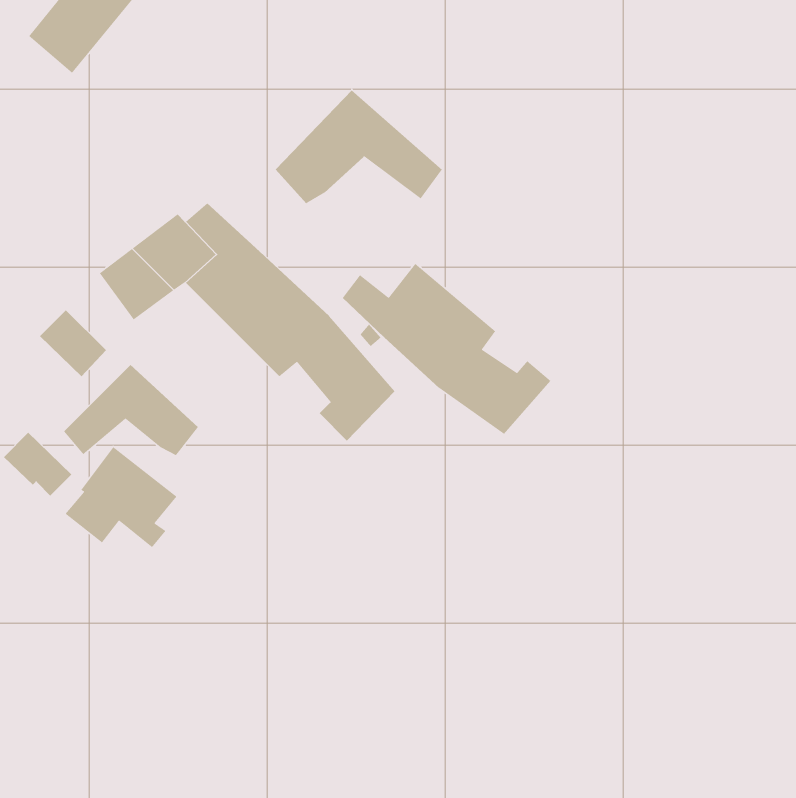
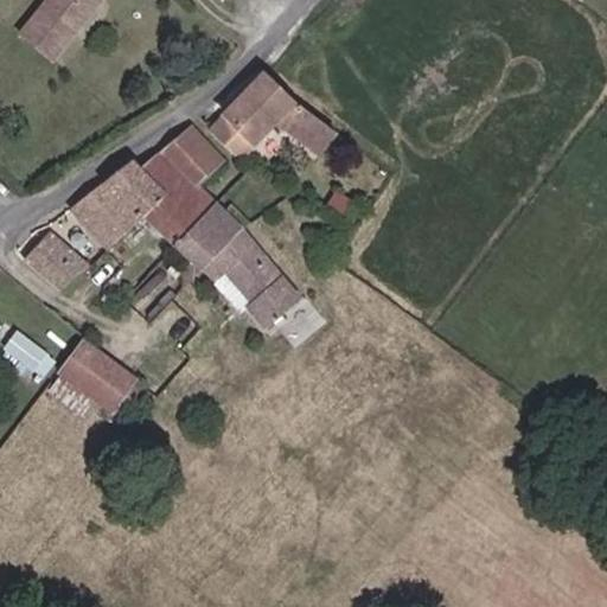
building: none -> [156,127,224,190]
building: [342,263,552,435] -> none
building: [63,364,199,456] -> none

